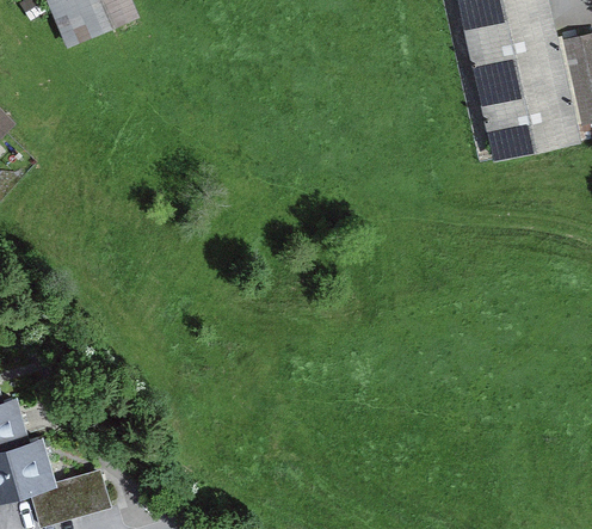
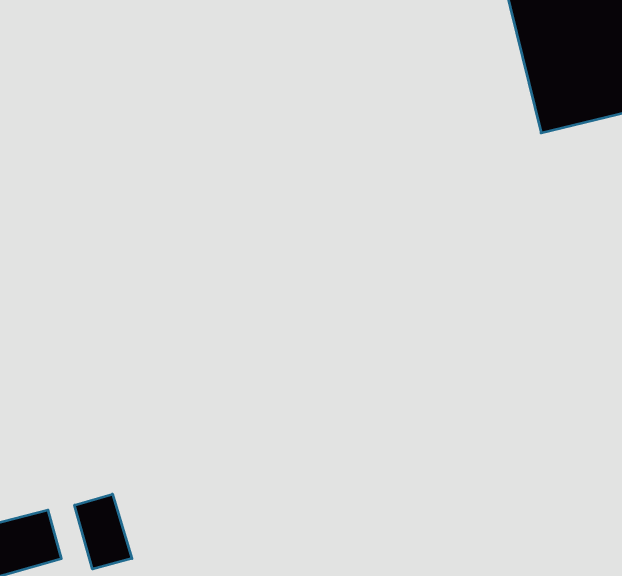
building: none -> [75,494,132,569]

